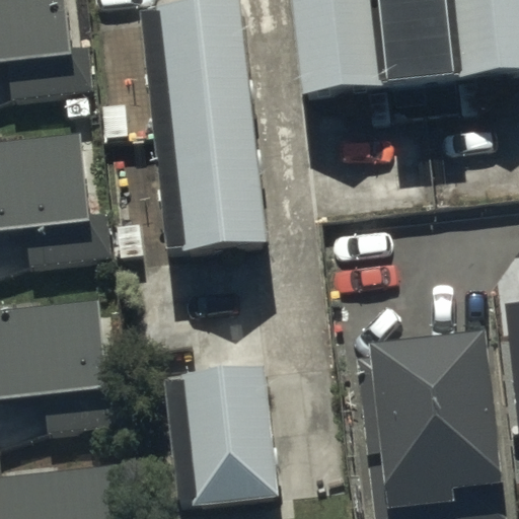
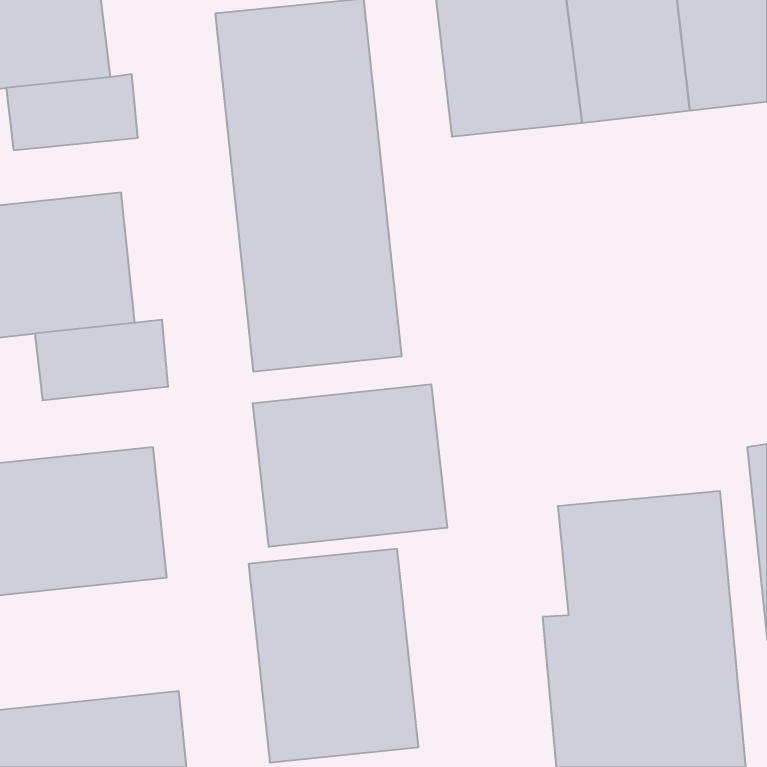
building: none -> [253,384,447,547]

